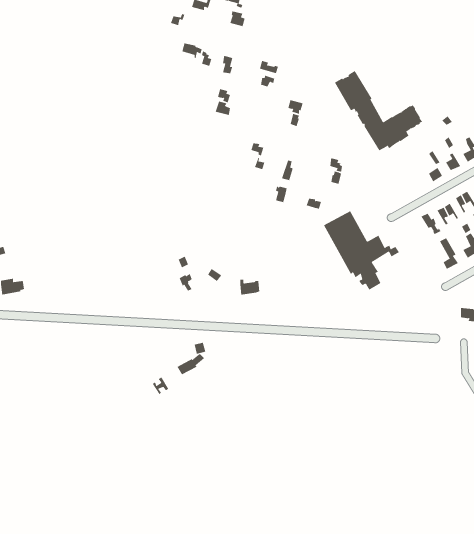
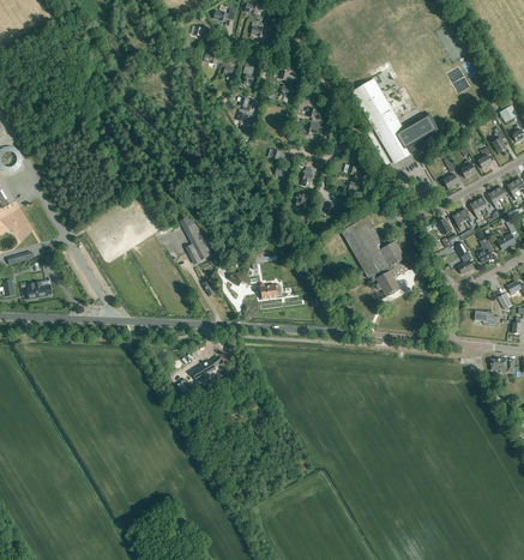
building: none -> [179,216,211,264]

